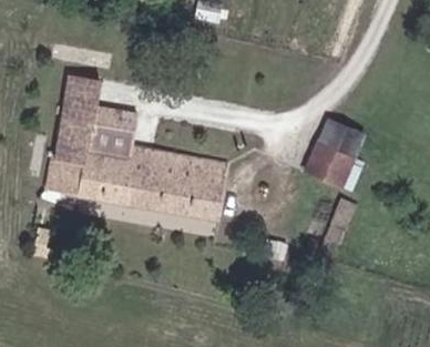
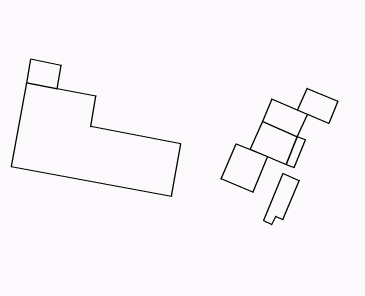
building: none -> [297,88,338,123]
building: none -> [221,144,268,192]

